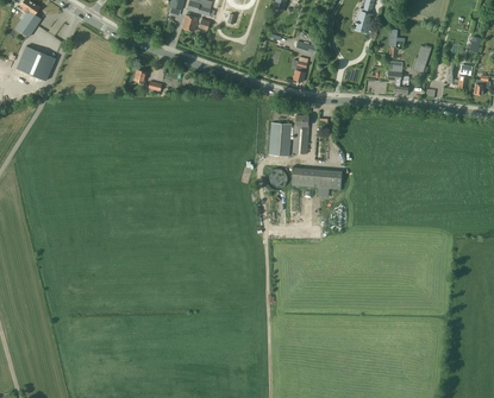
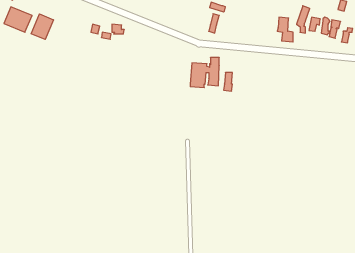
building: none -> [31,14,53,39]
building: [292,168,342,189] -> none

